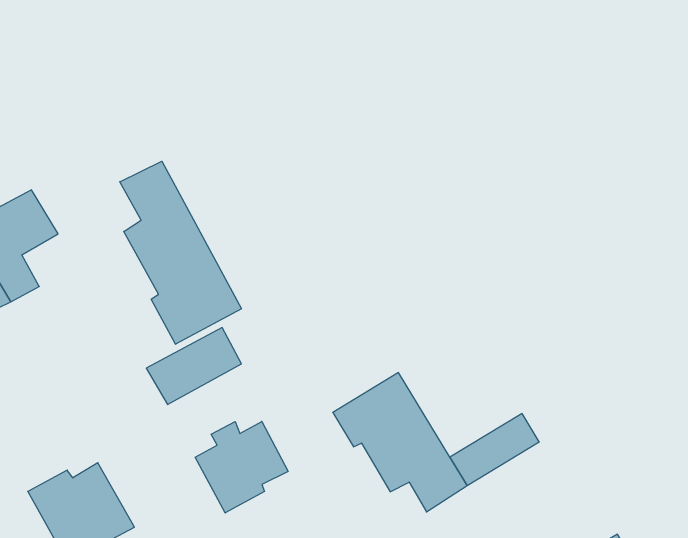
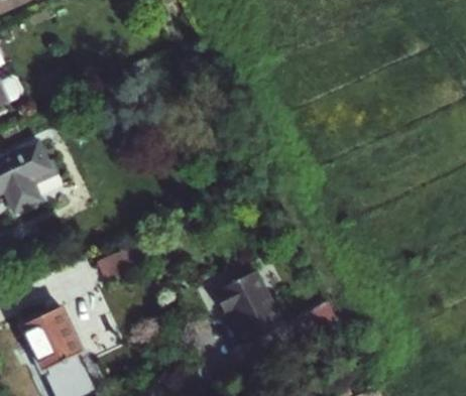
building: [120,161,241,344] -> none
building: [195,421,288,513] -> none

